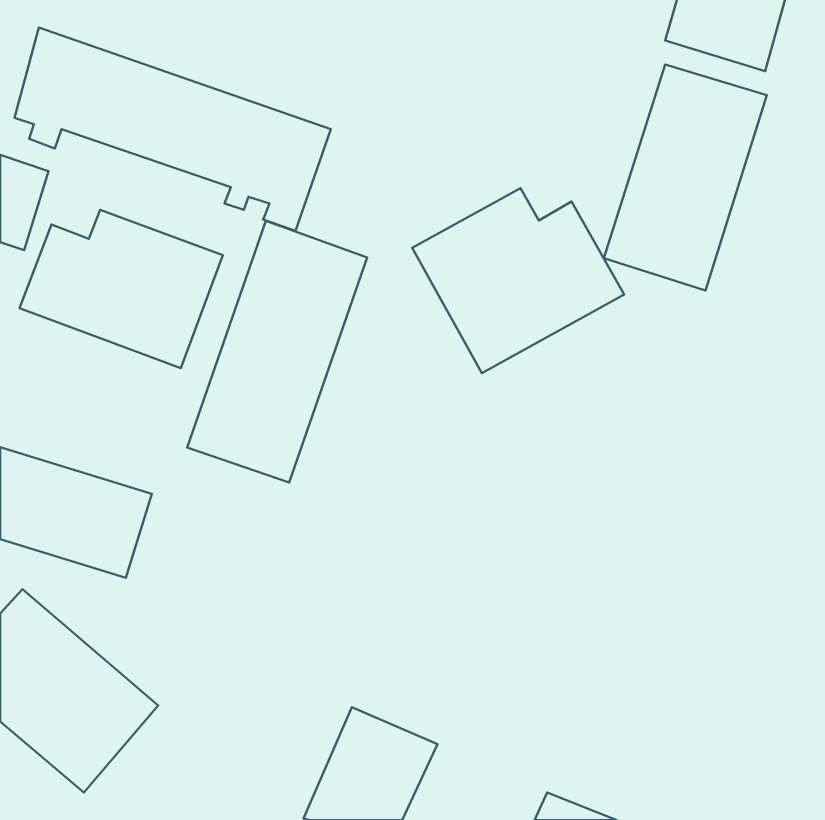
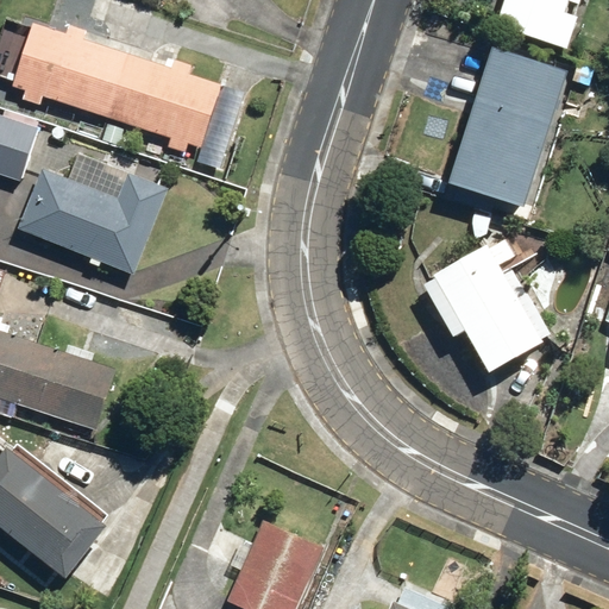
building: [412,188,624,373] -> none
building: [187,221,367,483] -> none
building: none -> [420,237,550,375]

